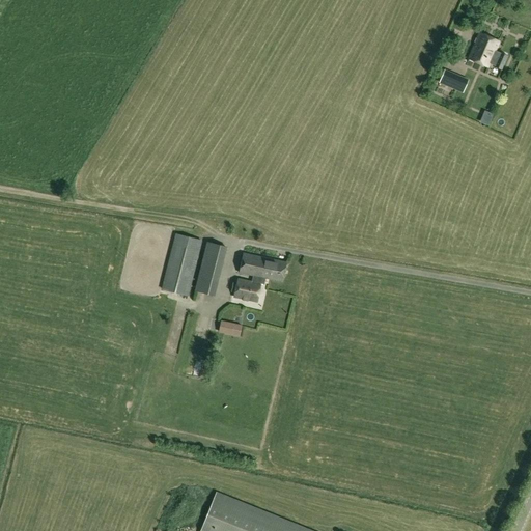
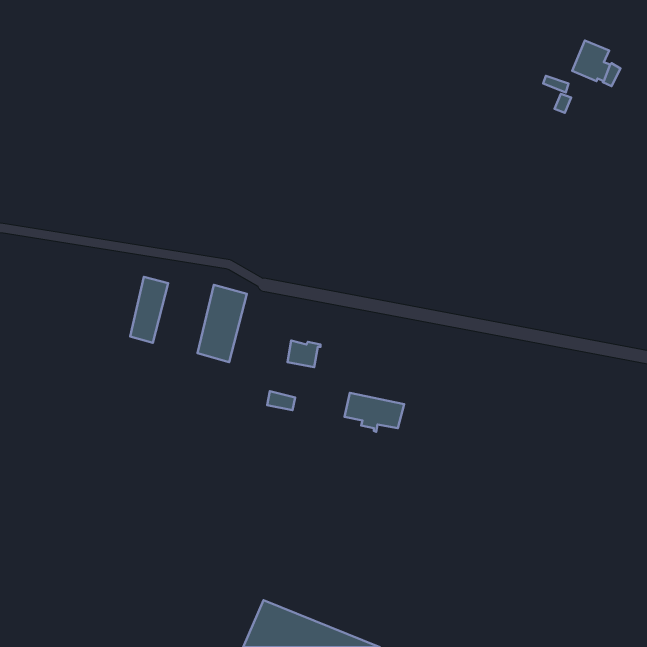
building: [195,242,226,296] -> [130,277,168,343]
building: [239,253,287,285] -> [345,393,404,432]

